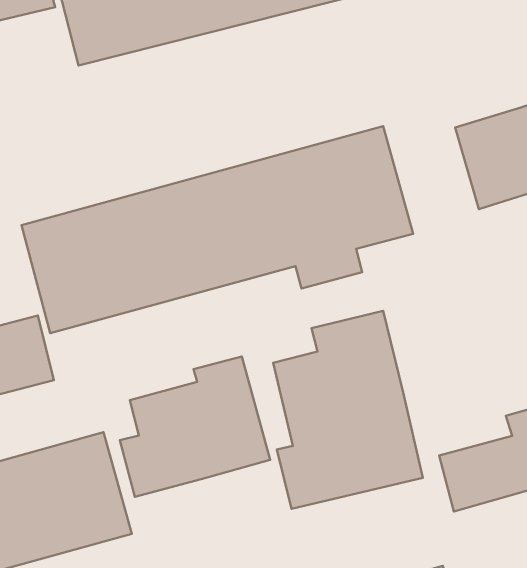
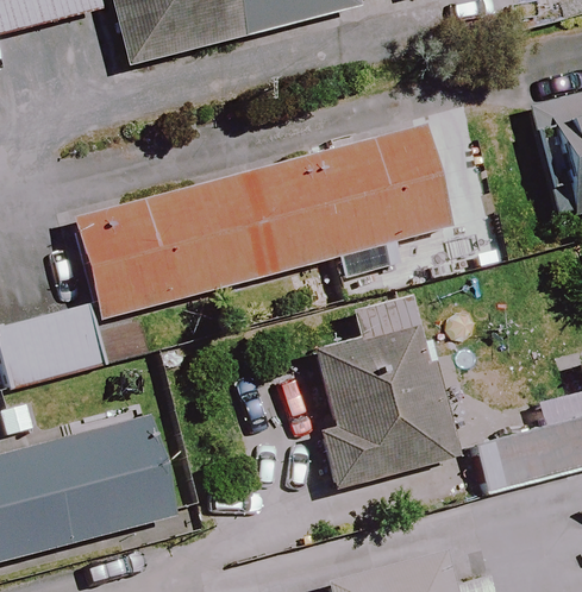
building: [120,357,270,497] -> none

